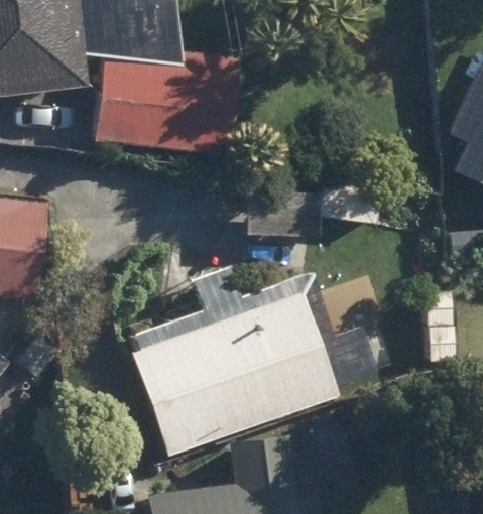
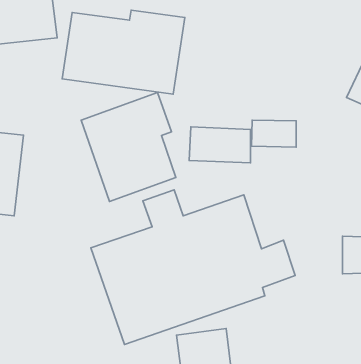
building: none -> [81,93,176,201]

